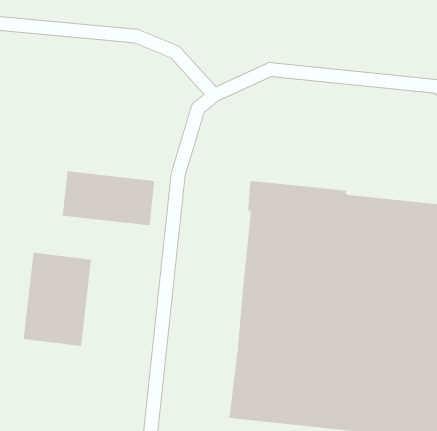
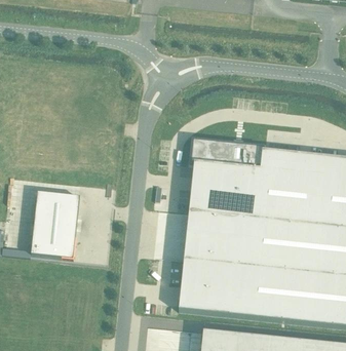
building: [62,170,155,226] -> none

